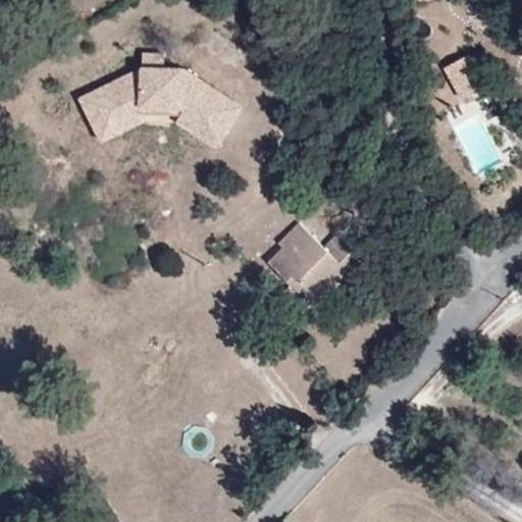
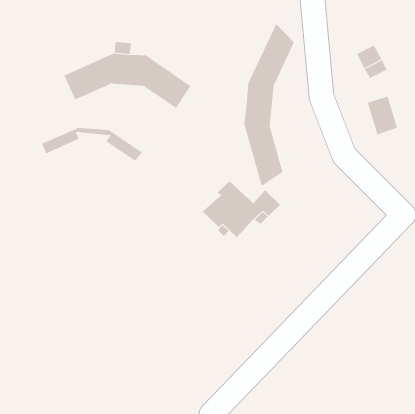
building: none -> [244,23,295,187]
building: [95,105,222,148] -> [41,127,143,162]

